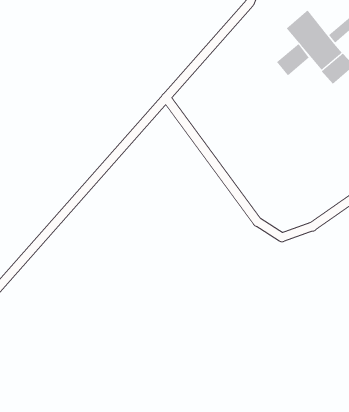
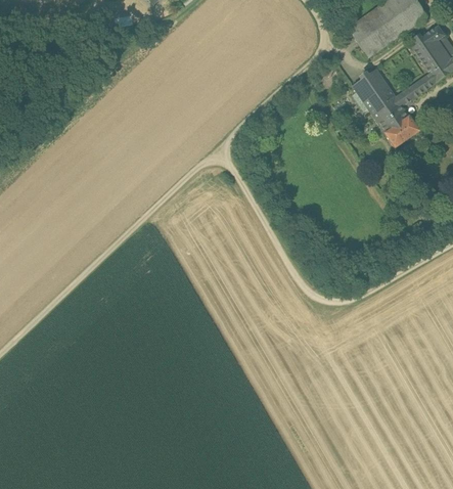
building: [276,43,309,77] -> none

